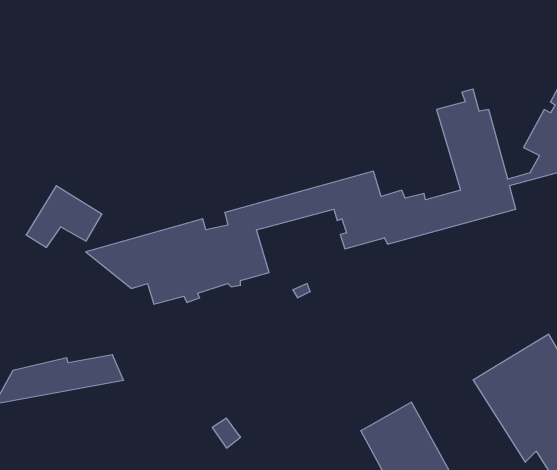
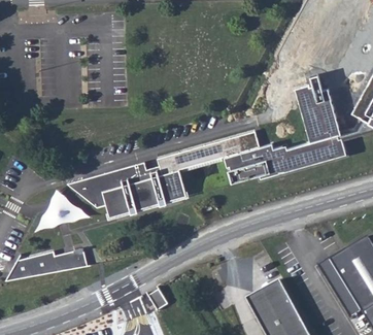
building: [26,186,102,247] -> [36,192,86,232]

